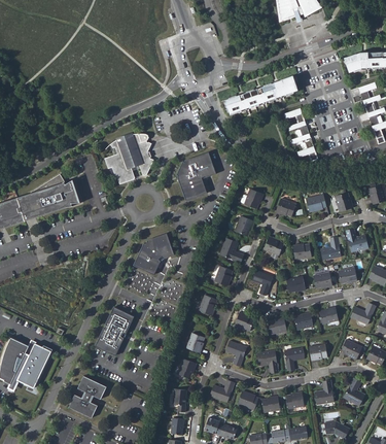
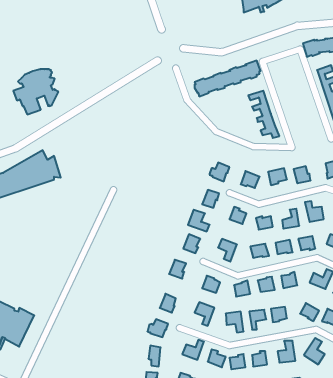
building: [105,134,154,183] -> [13,69,58,114]
building: [175,151,215,200] -> none
building: [133,233,173,275] -> none
building: [94,306,133,355] -> none
building: [68,375,106,417] -> none

